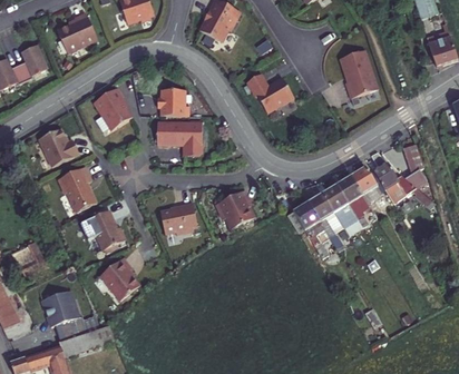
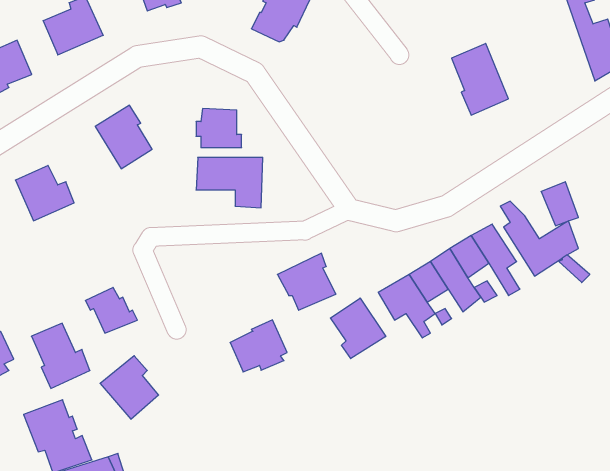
building: [245,73,293,111] -> none
building: [59,169,99,214] -> [31,323,90,388]
building: [160,204,199,239] -> [230,320,287,372]
building: none -> [330,298,386,359]

